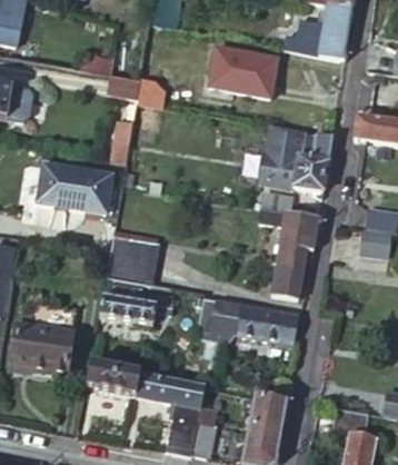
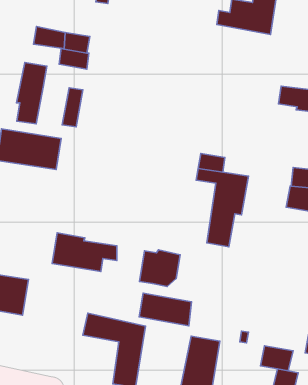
building: [211,47,279,96] -> none
building: none -> [16,62,47,124]
building: [263,129,335,191] -> none
building: [106,235,162,285] -> none
building: [239,306,298,343] -> [139,293,192,326]
building: [87,363,140,396] -> none

